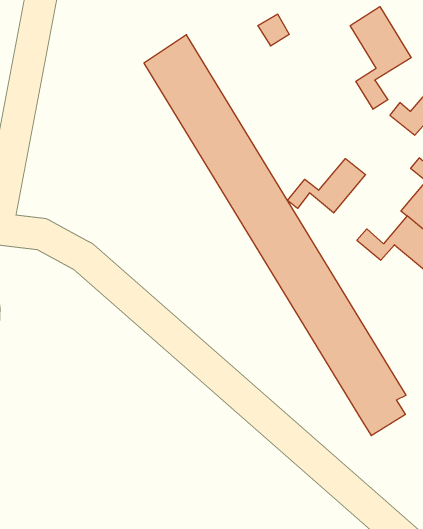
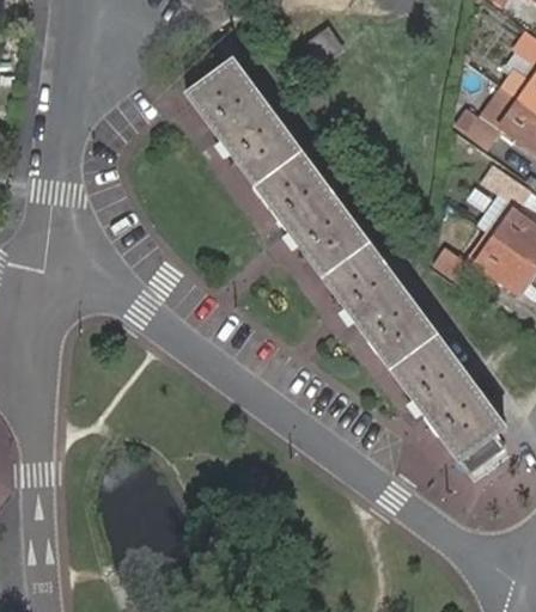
building: [350,7,411,109] -> none
building: [287,159,366,213] -> none

